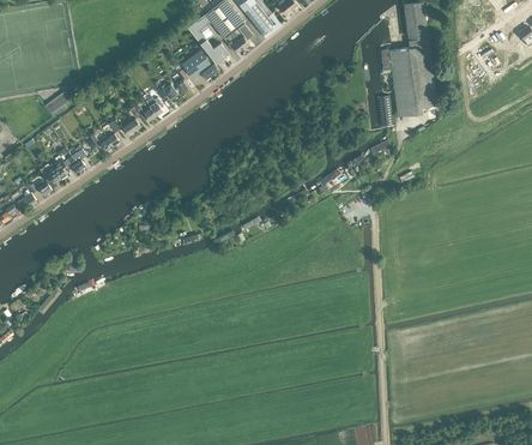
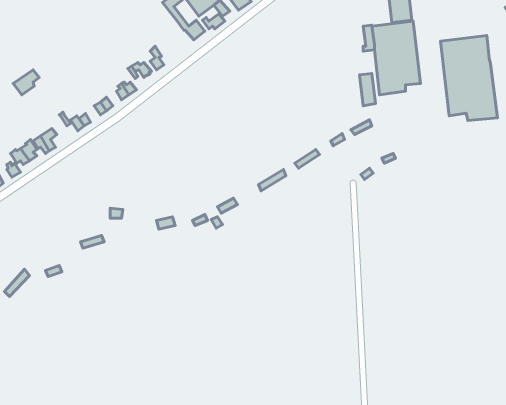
building: [181,49,218,79] -> none
building: none -> [440,36,498,121]

